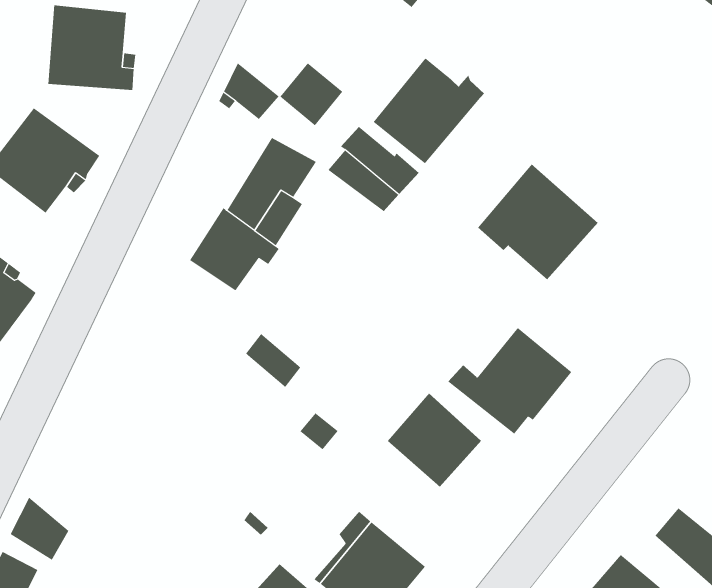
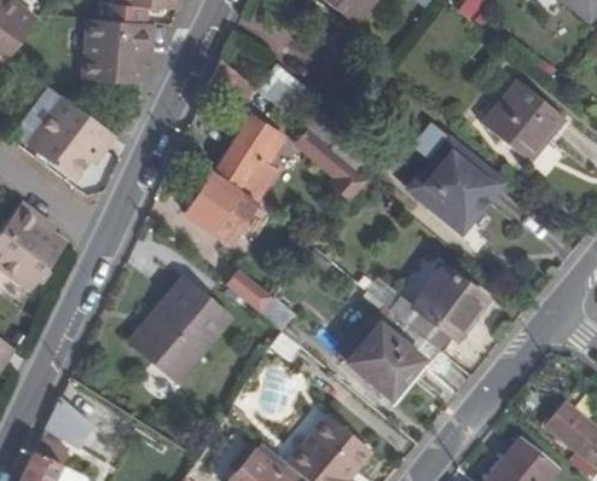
building: [373,57,485,164] -> none
building: none -> [482,75,566,158]
building: none -> [129,279,231,384]

